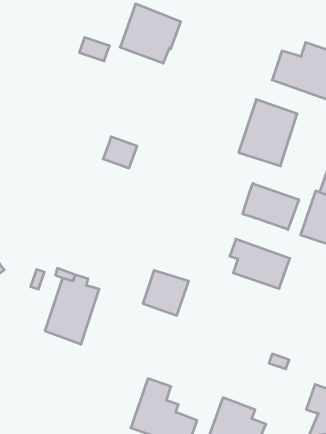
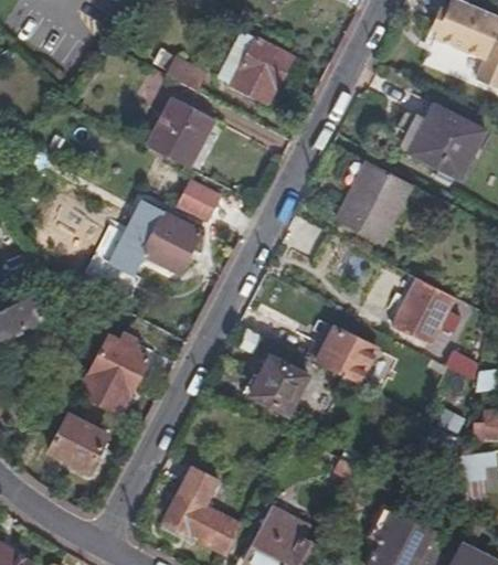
building: none -> [149,98,216,169]
building: none -> [109,200,200,274]
building: [243,183,299,230] -> none
building: [143,270,189,315] -> [253,356,310,413]
building: none -> [51,413,110,471]

